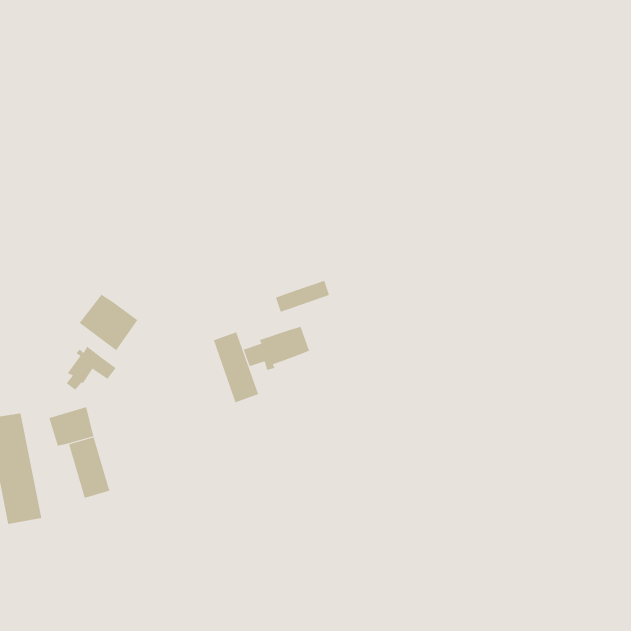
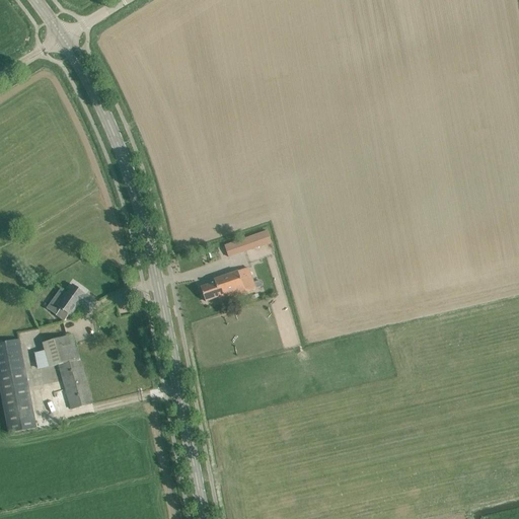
building: [79,294,138,351] -> none
building: [213,331,259,403] -> none

